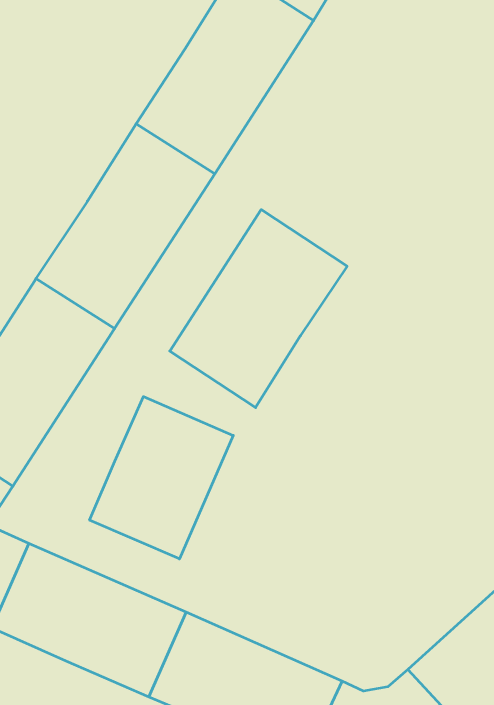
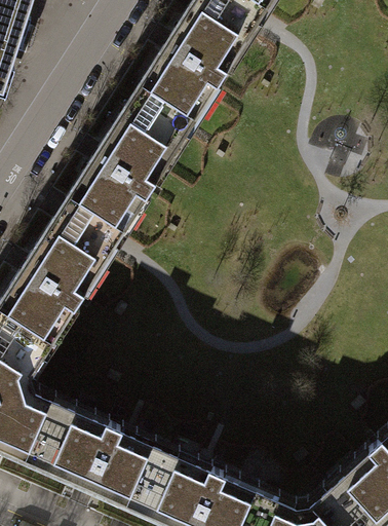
building: [170,210,347,408] -> none
building: [90,397,233,559] -> none

